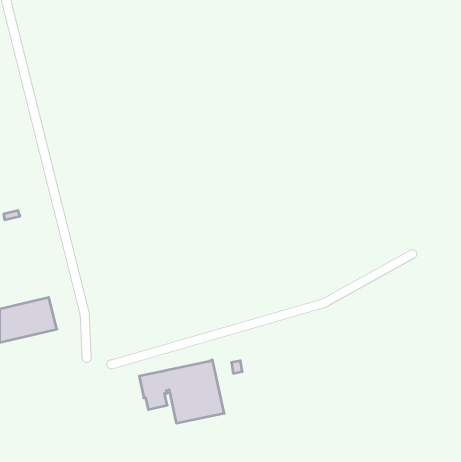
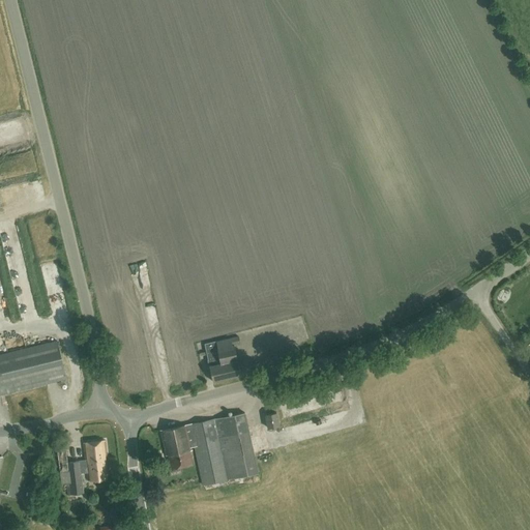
building: none -> [204,336,239,381]
building: none -> [56,440,108,495]

